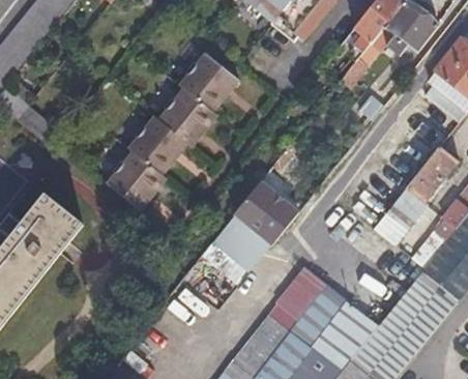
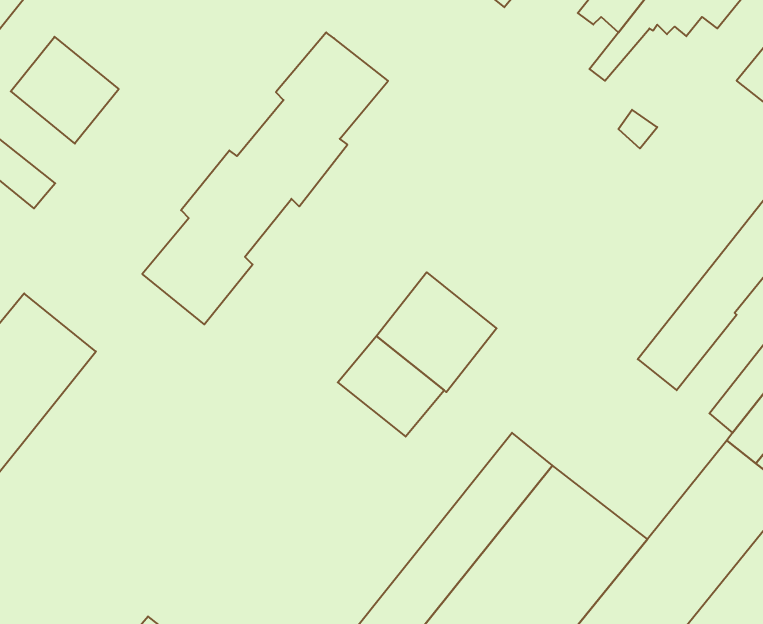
building: none -> [11,37,119,144]

